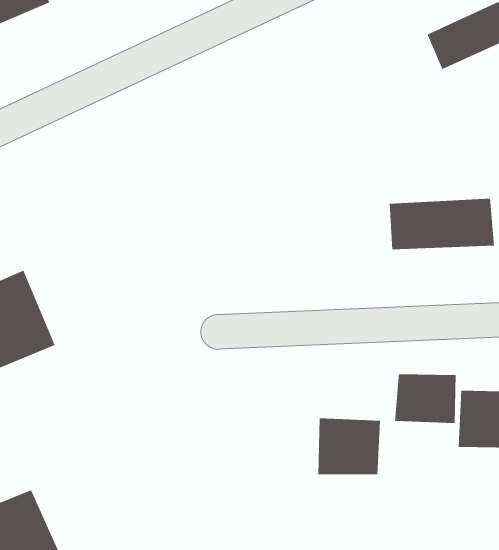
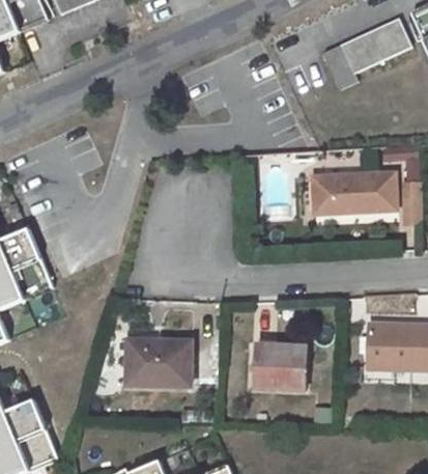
building: none -> [322,45,359,92]
building: [394,374,456,424] -> none
building: none -> [127,340,190,386]

